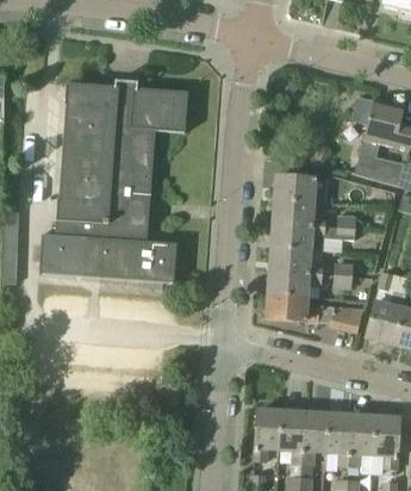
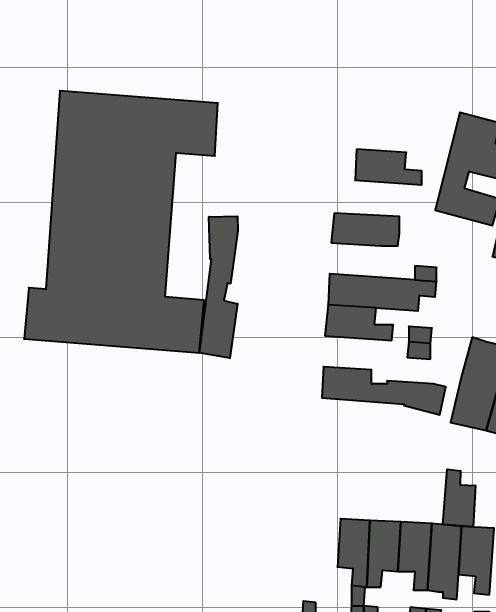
building: none -> [199,216,238,358]
building: [274,198,325,225] -> [355,149,422,185]
building: [269,269,322,296] -> none
building: none -> [443,469,475,527]
building: [255,409,282,460] -> none

